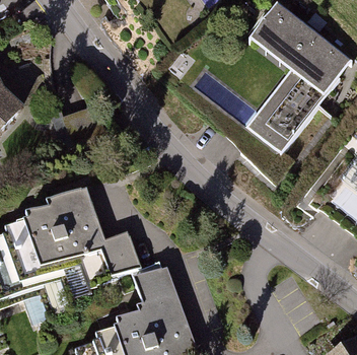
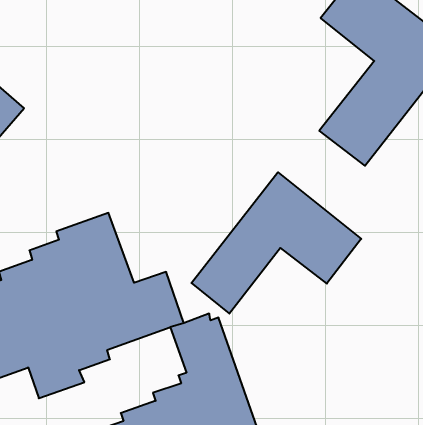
building: none -> [191,172,361,314]

